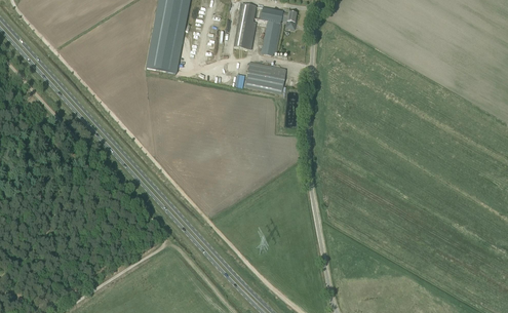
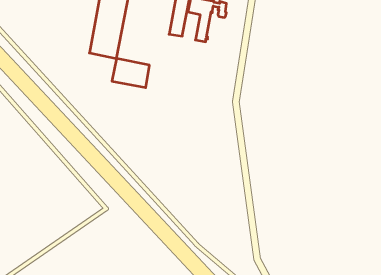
building: [245,62,286,93] -> [112,59,149,88]

